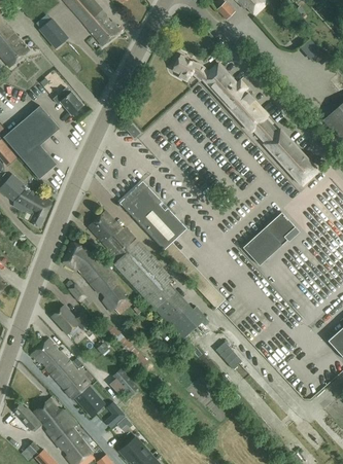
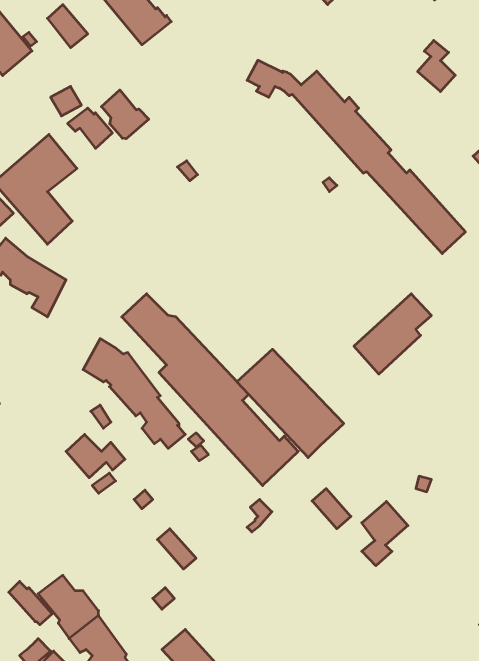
building: none -> [418,40,455,92]
building: none -> [101,90,149,139]
building: [117,180,188,252] -> [237,349,344,458]
building: [31,338,105,417] -> none
building: none -> [362,501,408,566]

